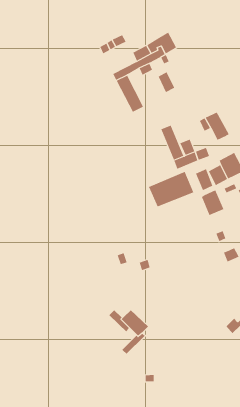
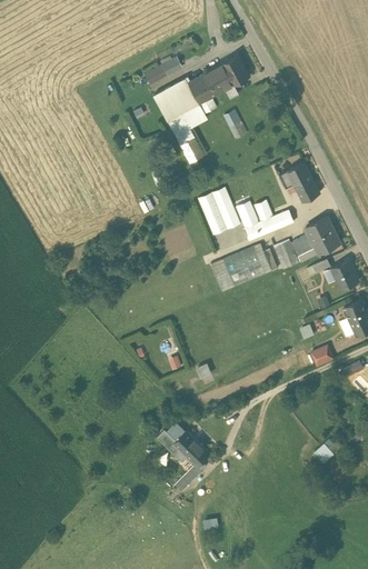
building: none -> [153,78,193,111]
building: none -> [196,187,239,234]
building: [201,190,224,216] -> none

